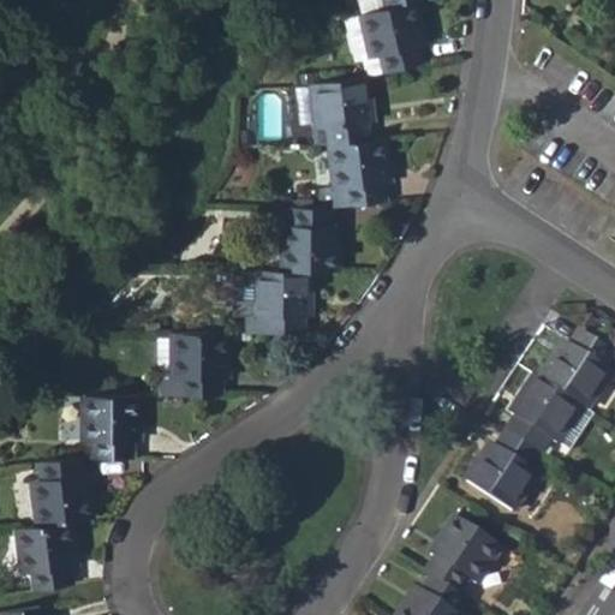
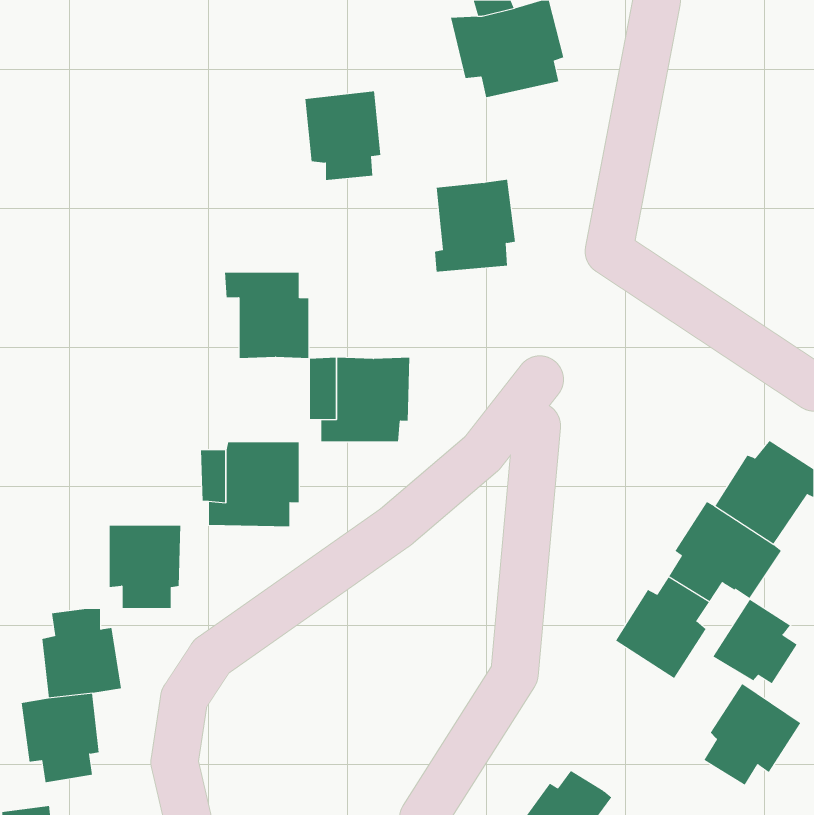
building: [311,76,369,143] -> [304,91,381,181]
building: [269,207,333,271] -> [224,272,309,359]
building: none -> [712,599,798,684]
building: [422,519,495,596] -> [703,683,801,786]

